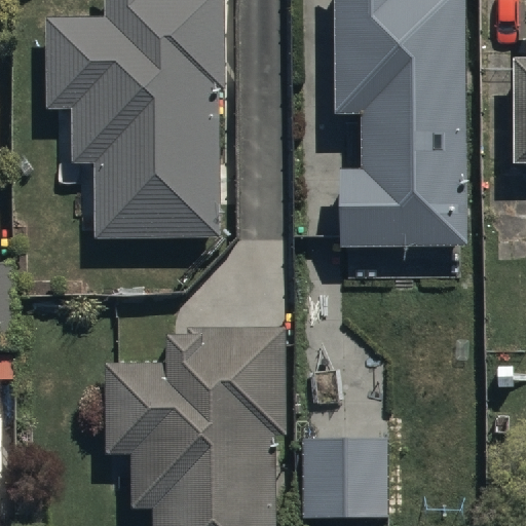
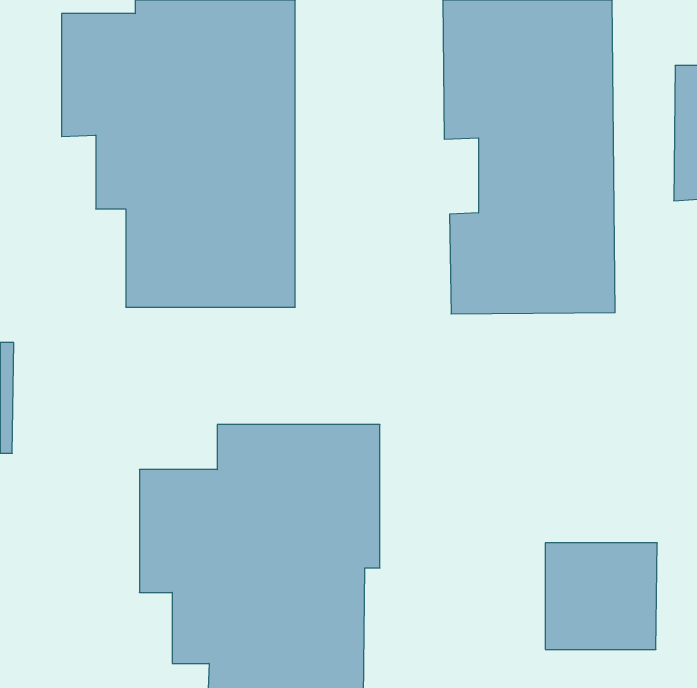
building: [303,436,387,516] -> [545,543,657,649]

